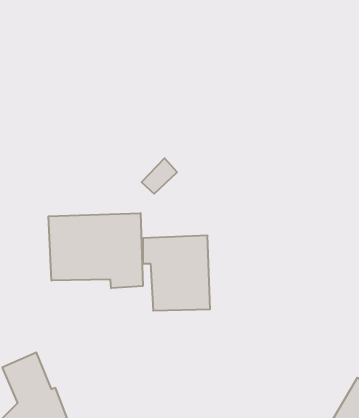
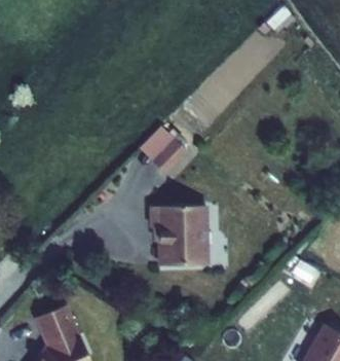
building: [49,213,143,288] -> none

